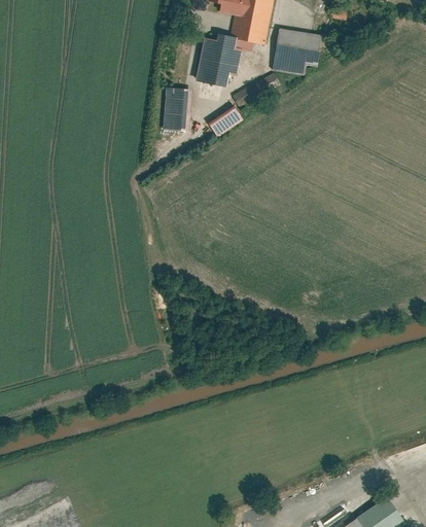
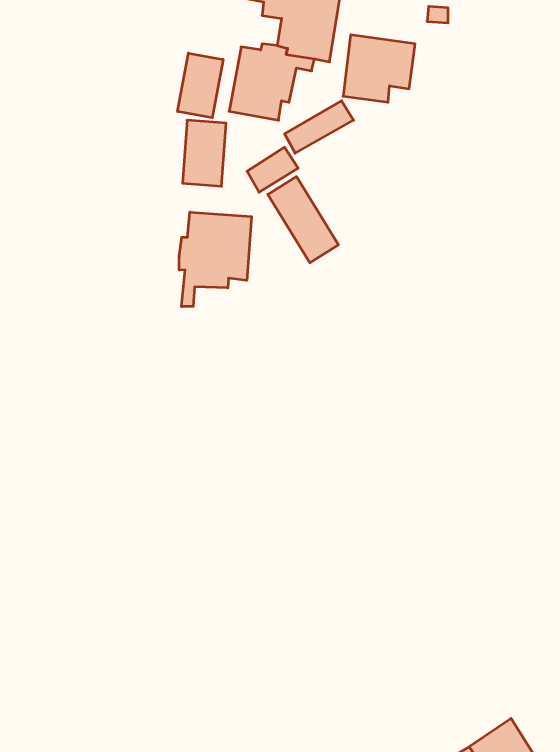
building: none -> [178,53,223,118]
building: none -> [268,177,338,263]
building: none -> [179,212,252,307]

